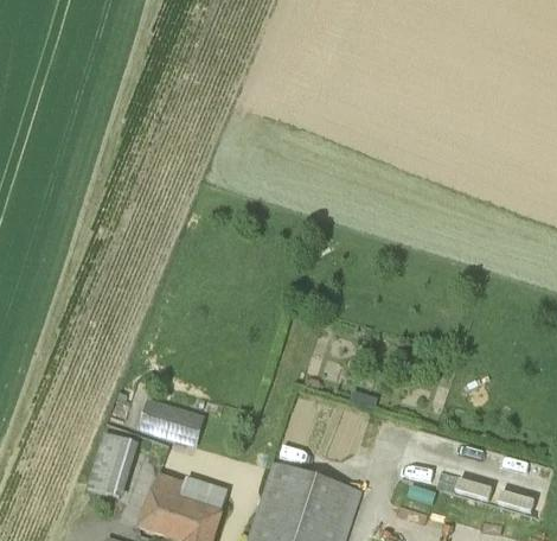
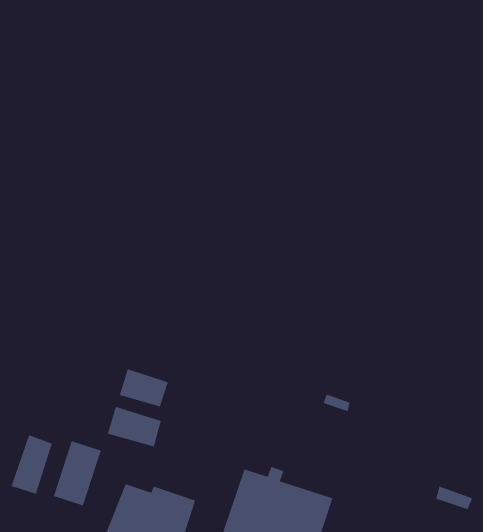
building: none -> [119,368,169,408]
building: none -> [10,434,53,495]

